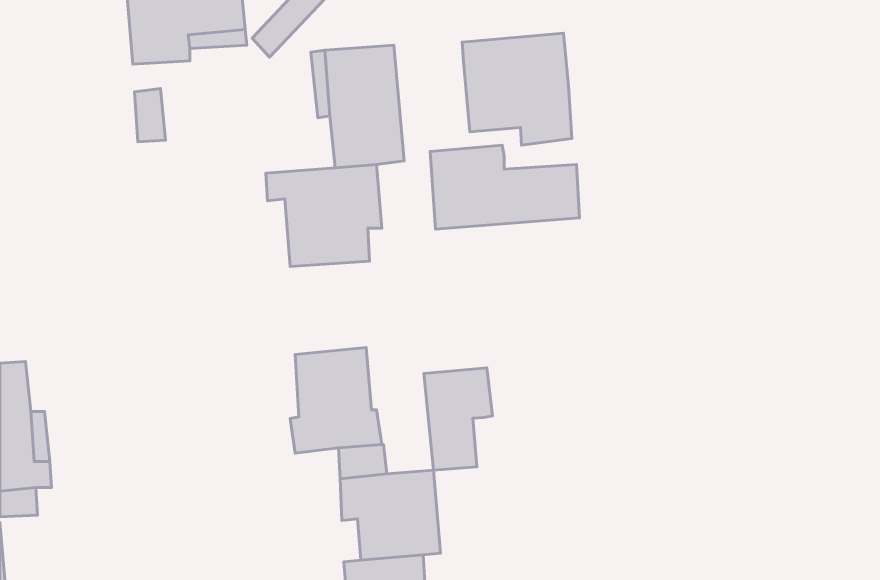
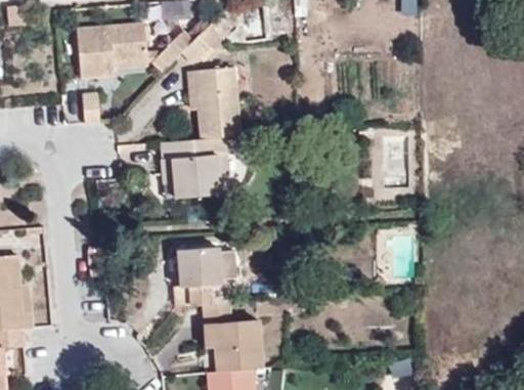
building: [462,33,572,145] -> none
building: [430,145,580,229] -> none
building: [424,368,492,470] -> none

